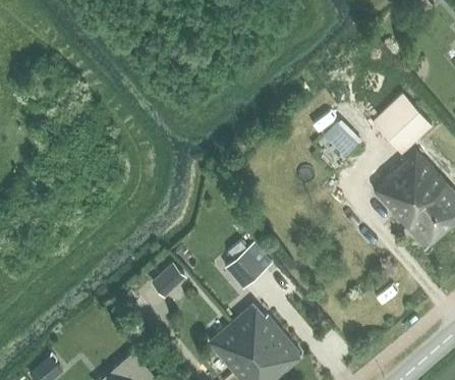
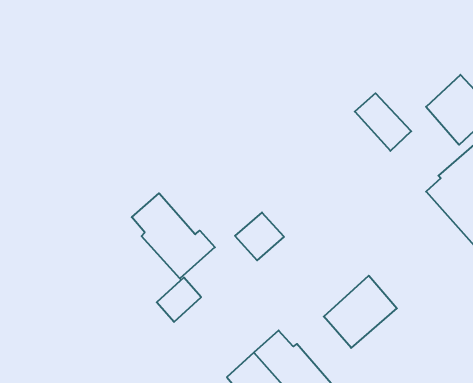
building: none -> [132,193,215,279]
building: [225,248,266,287] -> [235,212,284,260]
building: none -> [324,276,397,348]

